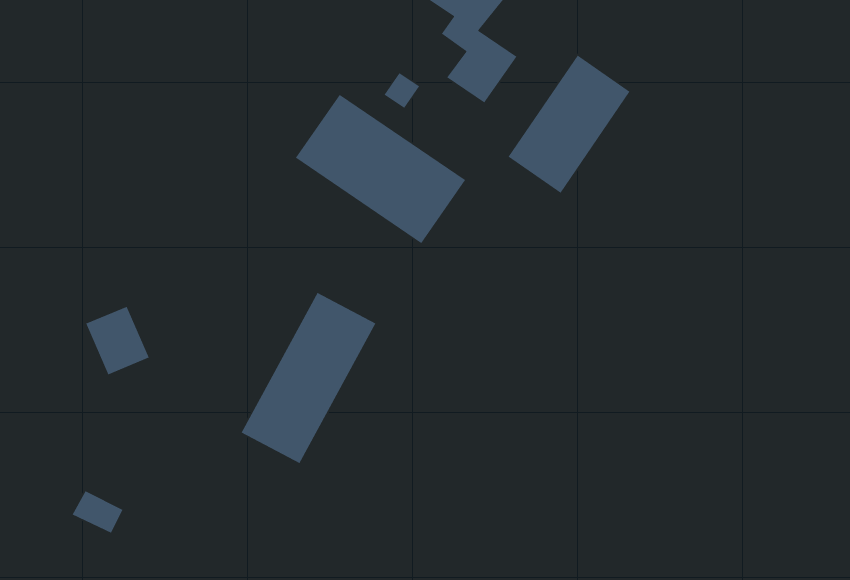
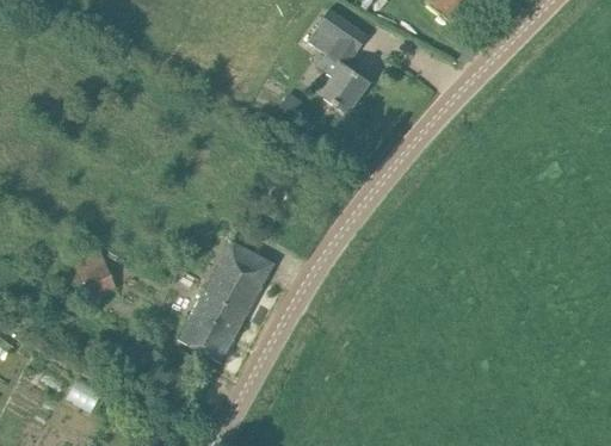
building: [507,54,631,194] -> none
building: [295,94,466,244] -> none

